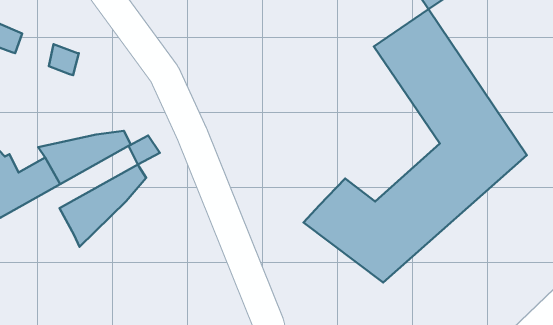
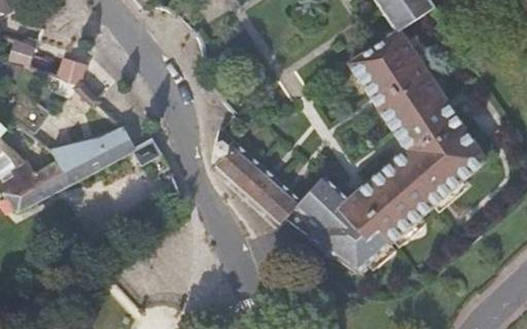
building: none -> [210,125,300,226]
building: [60,164,146,247] -> none

